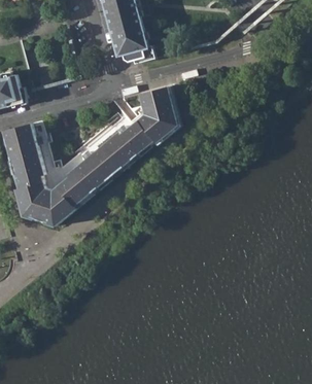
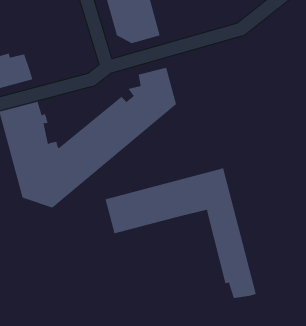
building: none -> [105,167,256,299]

